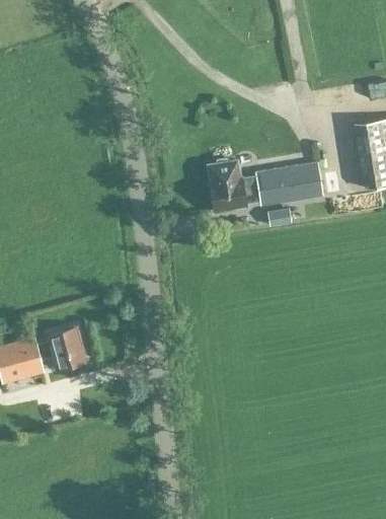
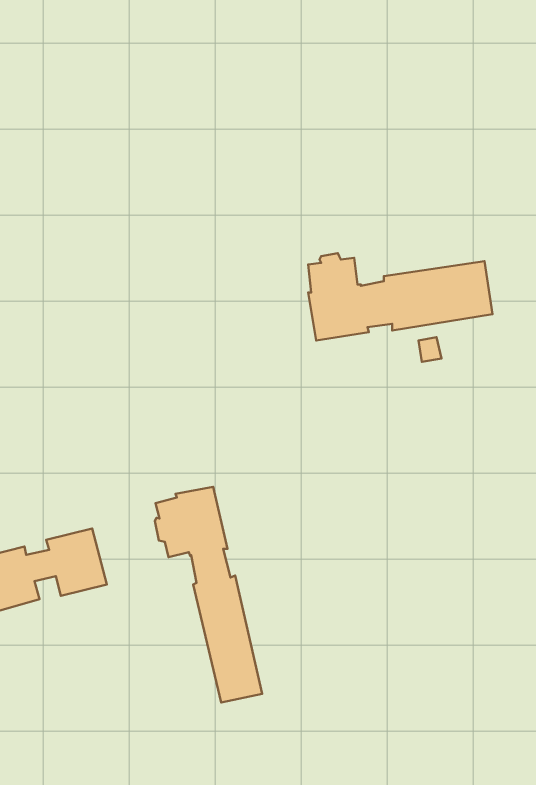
building: none -> [155,487,262,702]

